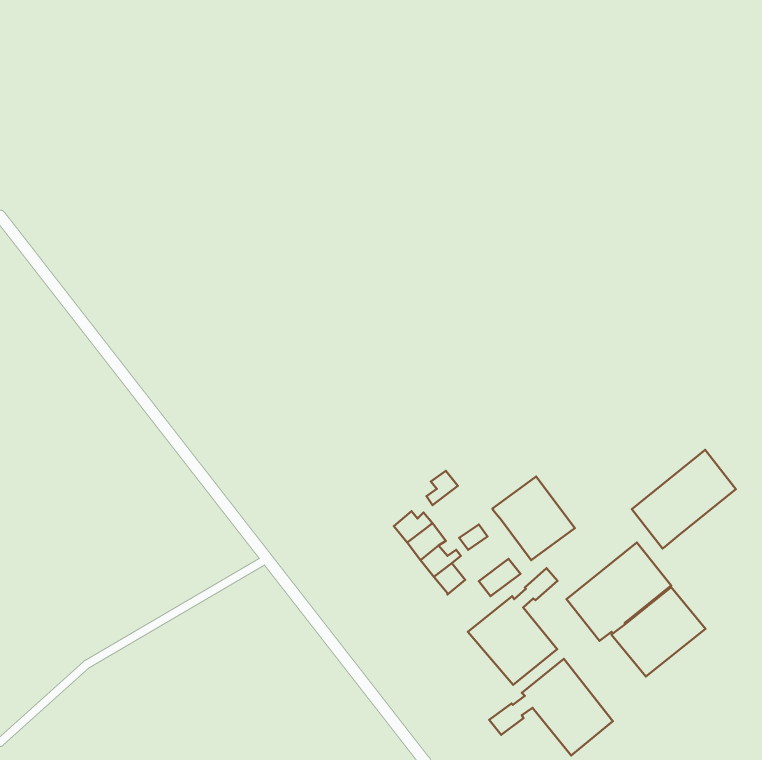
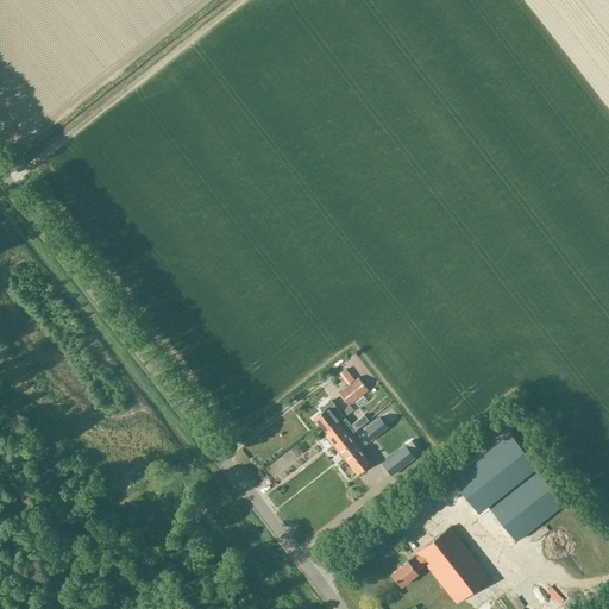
building: [632,450,736,548] -> none
building: [492,476,575,560] -> none
building: [468,568,557,685] -> none

